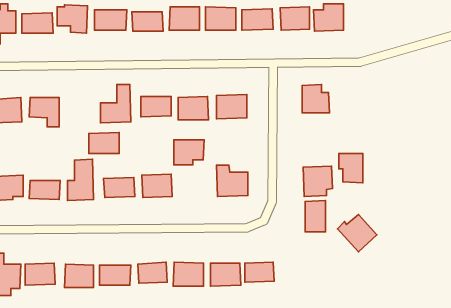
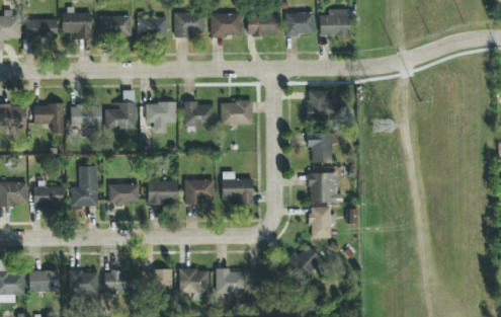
building: [89,132,119,154] -> [71,104,101,126]
building: [174,140,204,165] -> [184,179,215,205]
building: [339,154,363,183] -> [308,134,332,163]
building: [337,215,377,252] -> [288,245,328,283]

